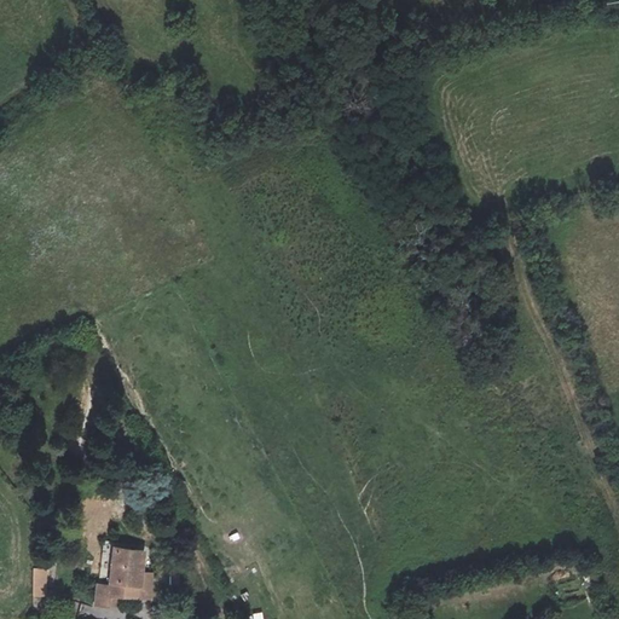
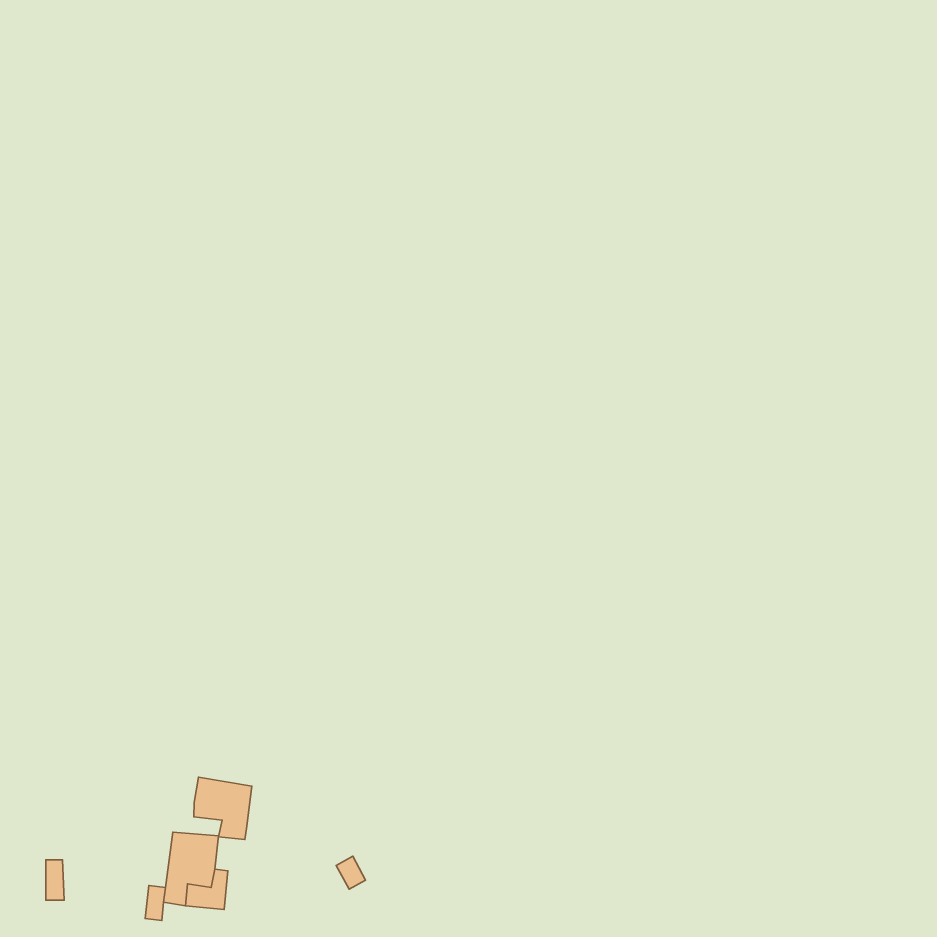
building: none -> [194,777,252,840]

